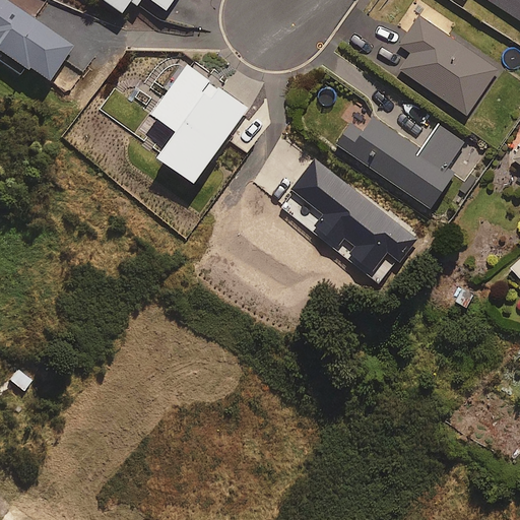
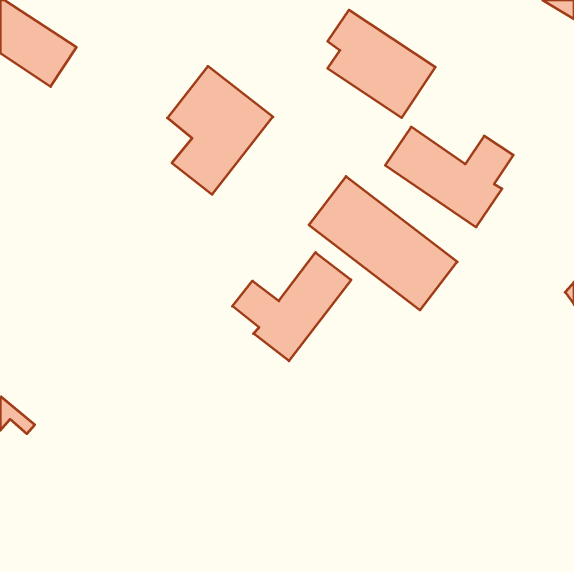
building: [400,16,498,114] -> [328,10,435,118]
building: none -> [232,252,351,361]

